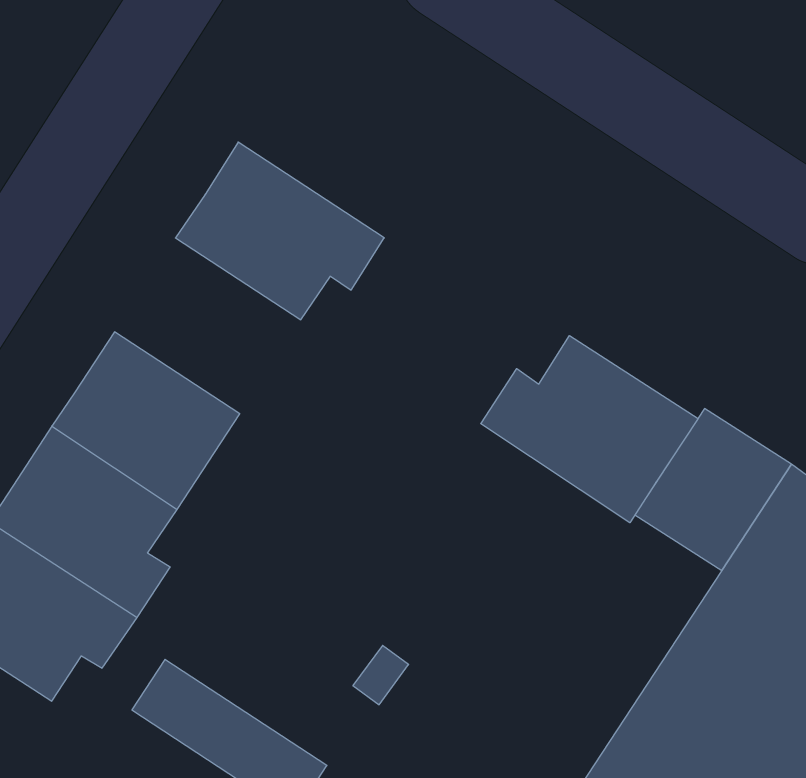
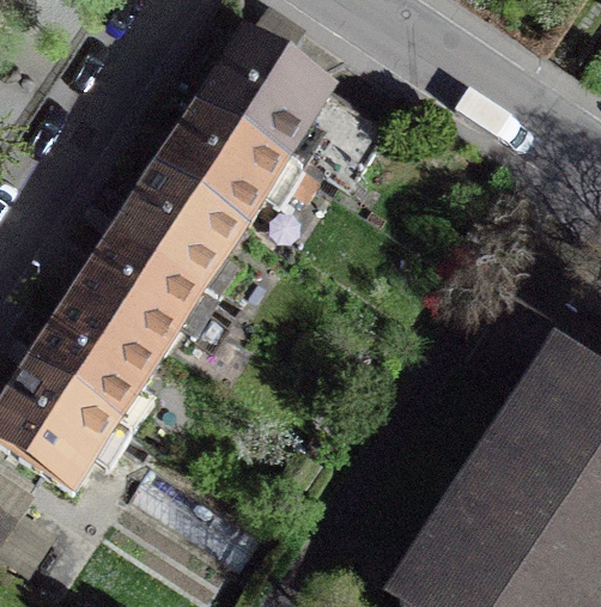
building: none -> [196,41,382,189]
building: none -> [111,172,239,293]
building: [481,336,698,523] -> none

